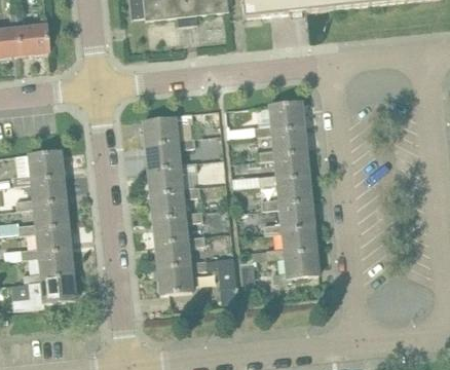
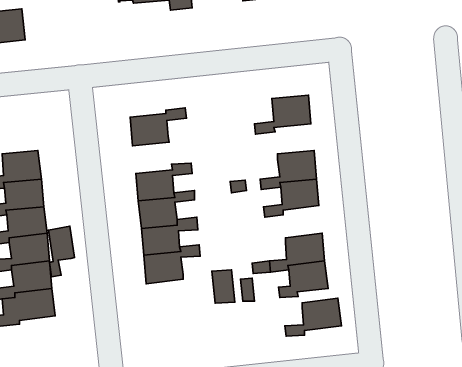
building: [257,126,307,159] -> none
building: [145,137,195,171] -> none
building: [264,199,314,233] -> [285,298,341,336]
building: none -> [49,226,74,277]
building: [157,259,208,294] -> none

